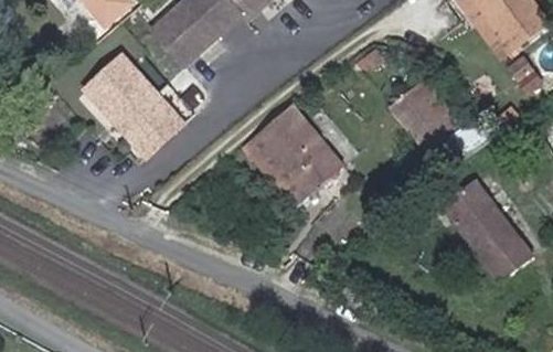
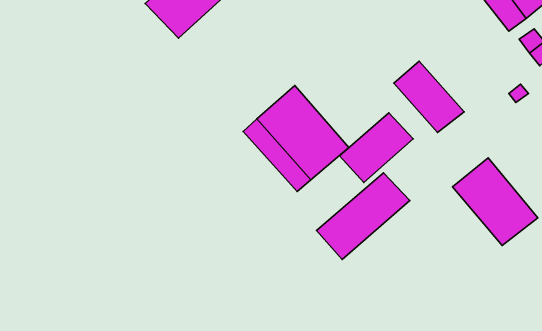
building: [82,56,182,153] -> none
building: none -> [340,113,413,183]
building: none -> [316,173,410,259]

